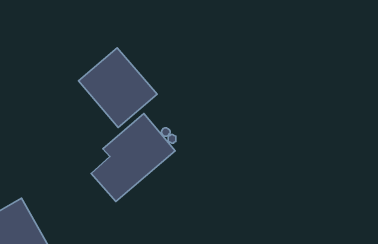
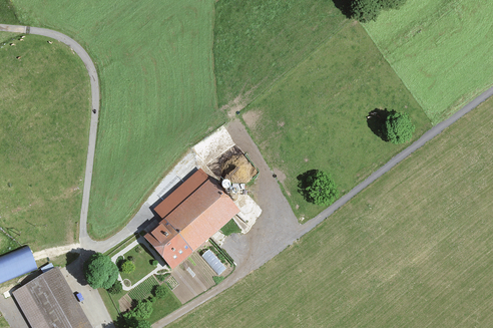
building: [78,48,157,127] -> none

